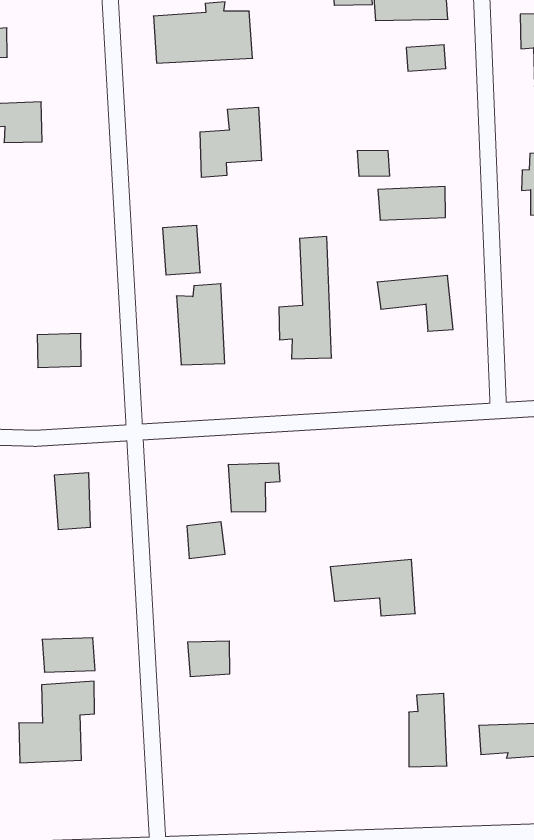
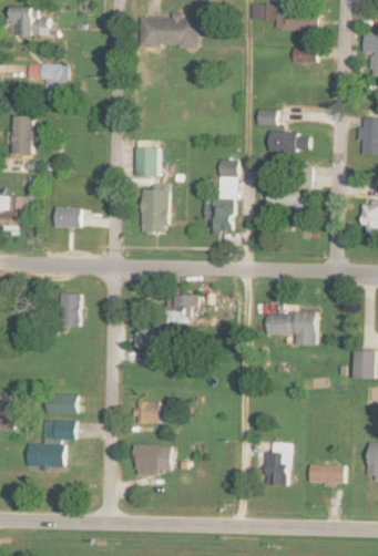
building: [200,107,261,177] -> none
building: [330,559,415,616] -> [264,312,314,346]
building: none -> [131,445,170,474]

